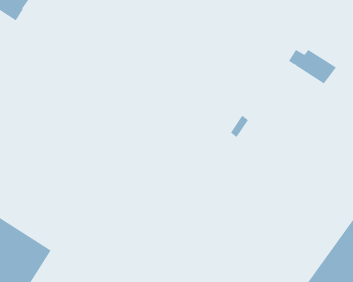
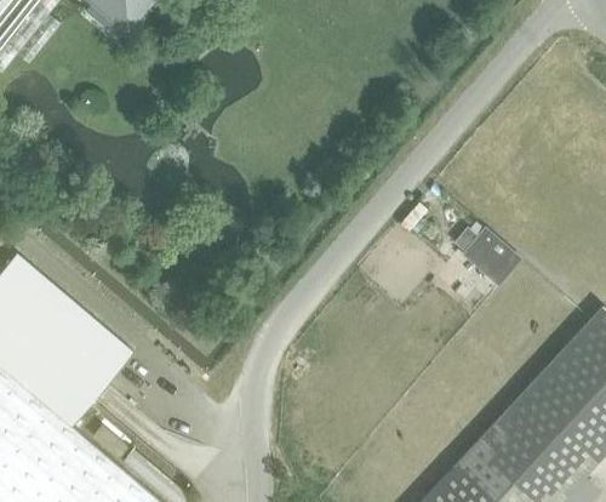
building: [288,49,337,84] -> [456,229,521,283]

